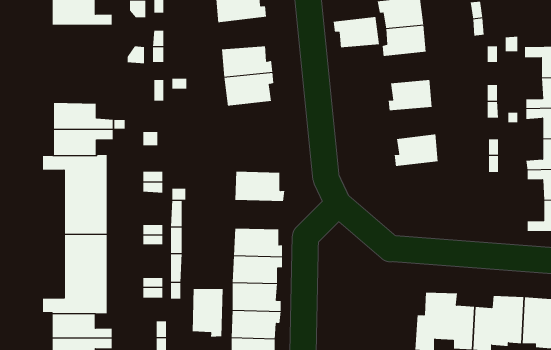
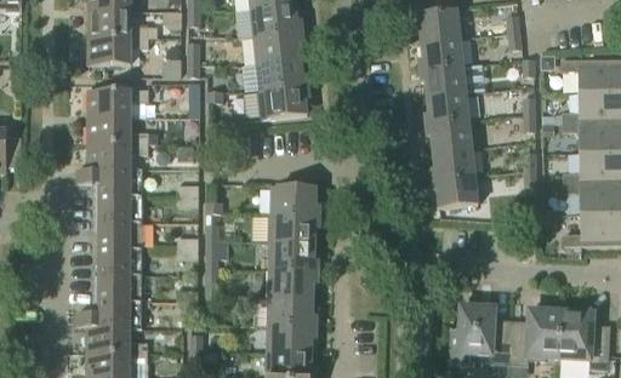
building: [333,17,380,48] -> [418,64,466,96]
building: none -> [252,29,303,62]
building: none -> [86,38,147,64]
building: none -> [87,88,148,116]
building: none -> [425,120,472,151]
building: none -> [431,174,478,207]
building: none -> [269,213,319,242]
building: [192,288,223,338] -> none

